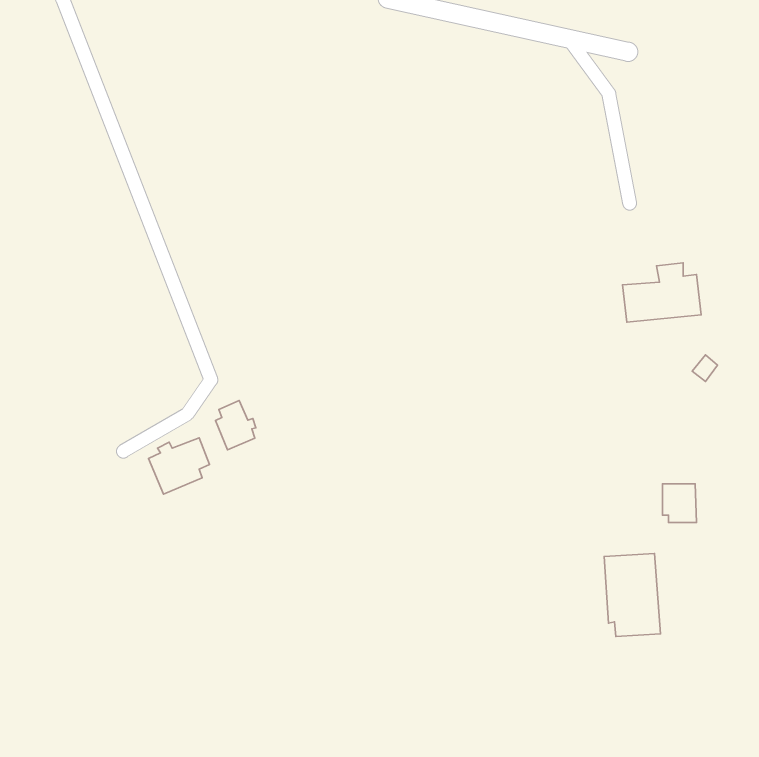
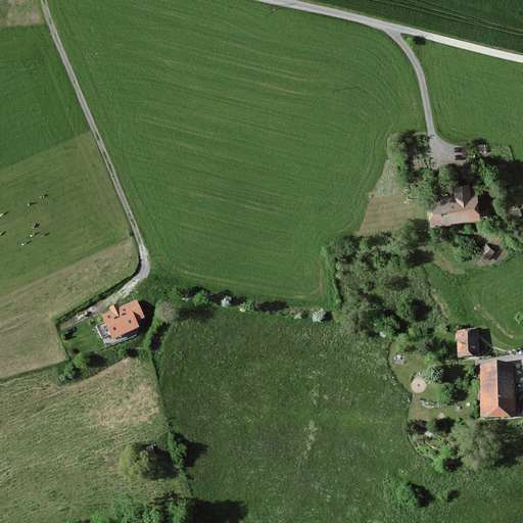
building: [215,400,256,450] -> none
building: [604,554,660,637] -> [478,364,517,421]

